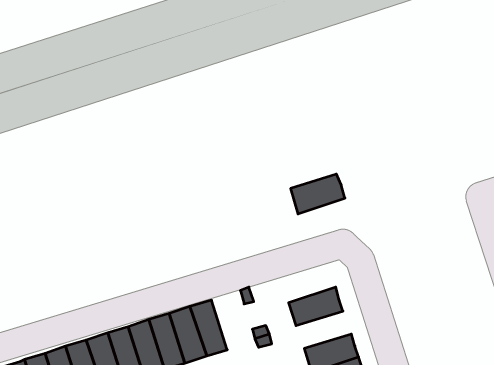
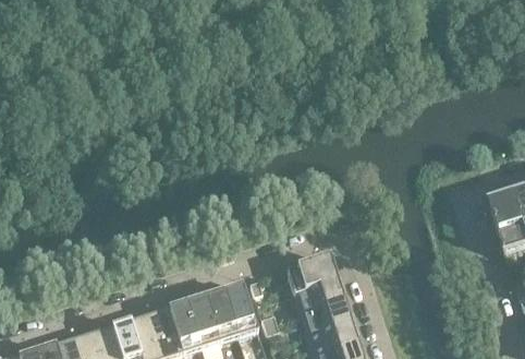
building: [291,174,345,214] -> [288,256,337,292]
building: none -> [224,284,258,335]
building: none -> [301,300,351,334]

